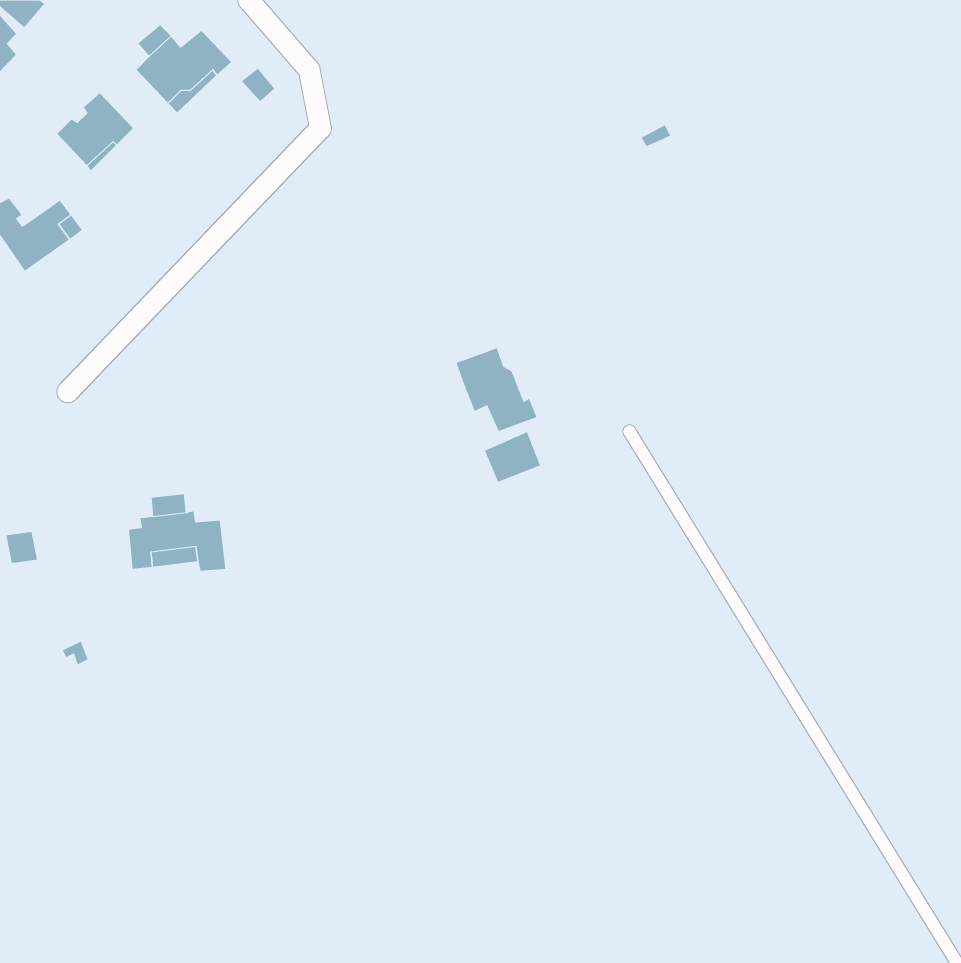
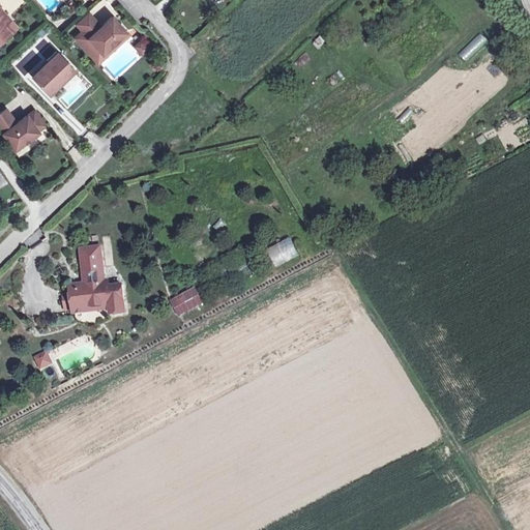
building: [456,347,537,432] -> none
building: none -> [80,247,101,273]
building: none -> [168,286,203,316]

